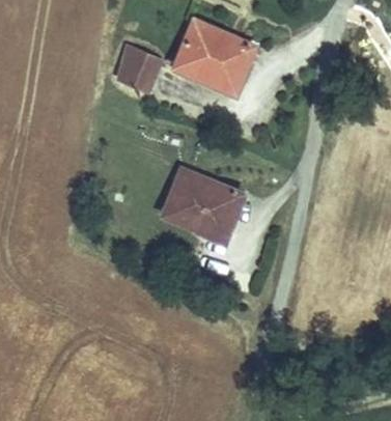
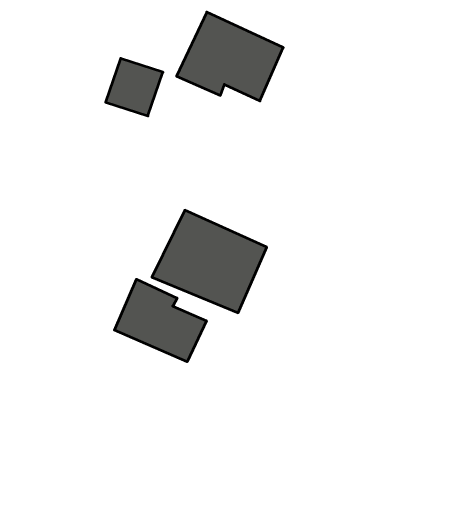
building: none -> [114,279,206,362]

